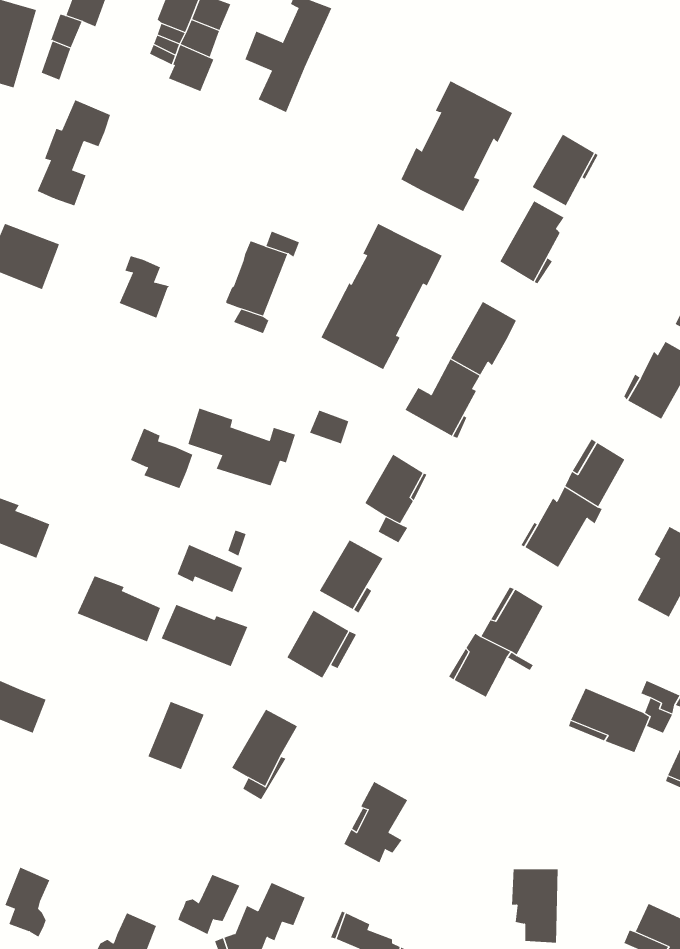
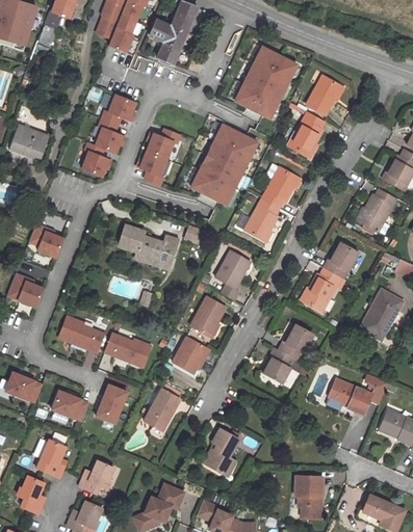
building: [37,100,111,206] -> [95,94,135,152]
building: [130,428,193,489] -> [29,223,63,257]
building: [177,544,243,593] -> none
building: none -> [53,391,87,420]
building: none -> [37,438,66,477]
building: [177,874,240,935] -> [79,460,113,494]

